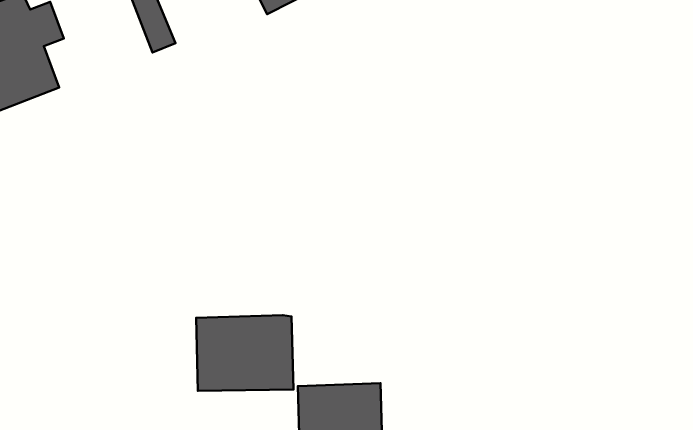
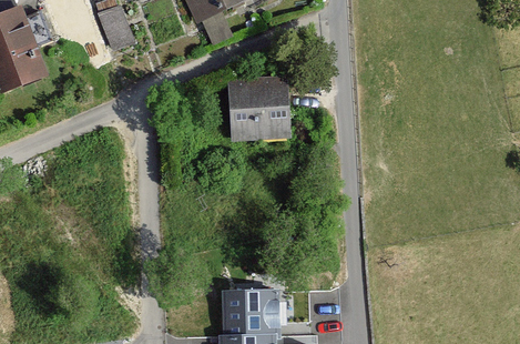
building: none -> [230,77,288,140]
building: [196,315,293,391] -> none

